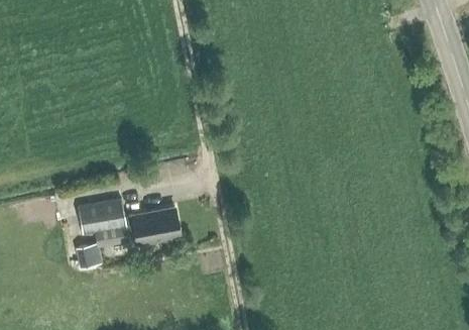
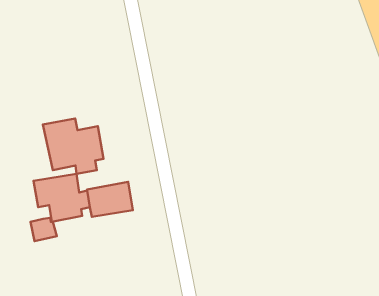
building: none -> [43,118,104,174]

